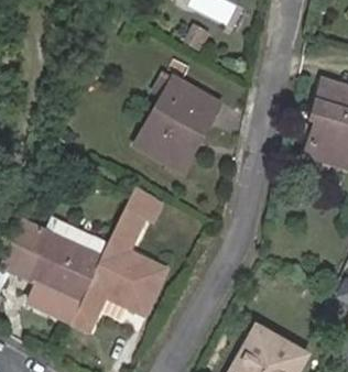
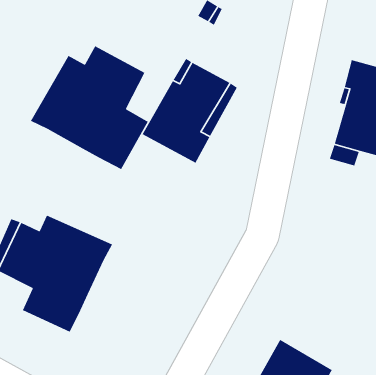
building: none -> [30,45,149,170]
building: [63,186,165,349] -> none

